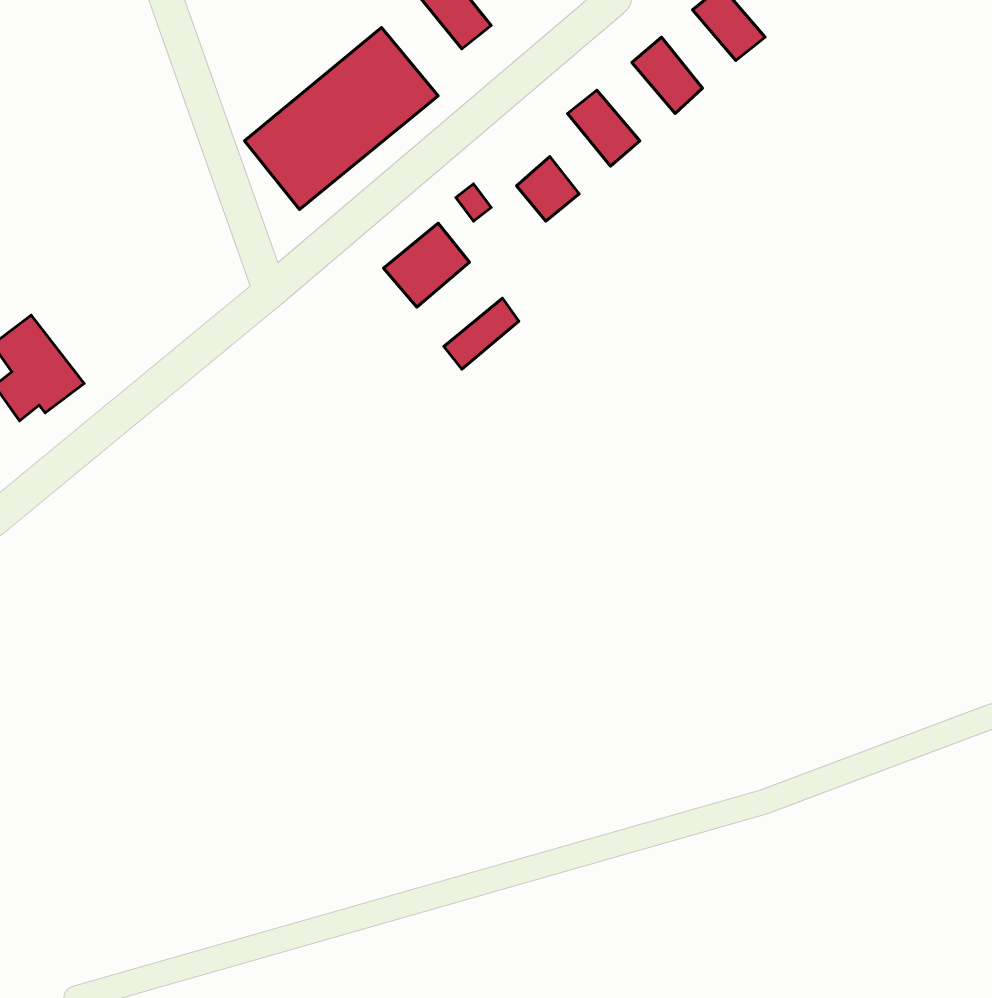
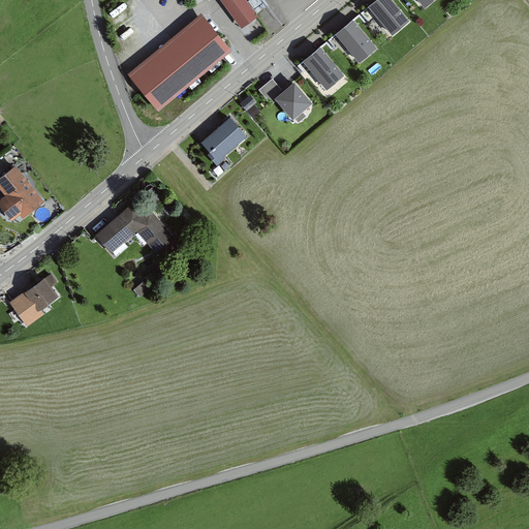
building: [444,298,519,369] -> none
building: none -> [97,199,175,257]
building: none -> [8,273,53,315]

